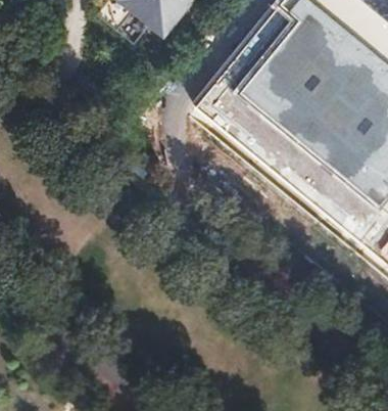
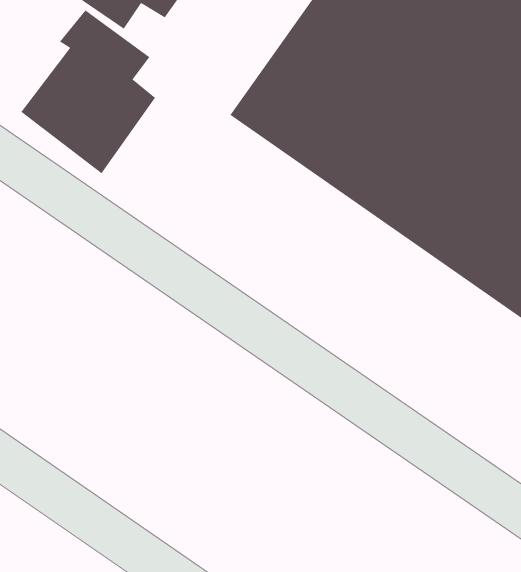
building: none -> [21,9,156,174]

